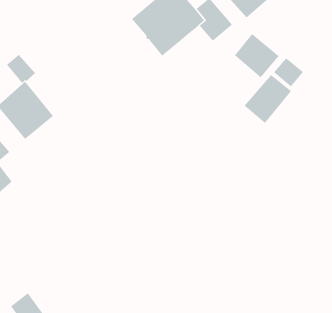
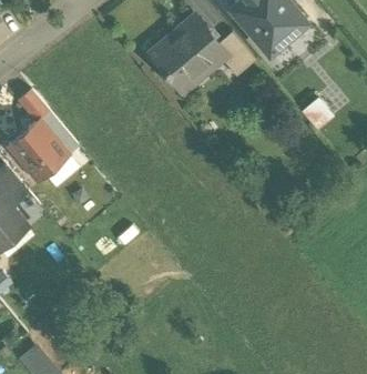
building: [234,33,279,78] -> none
building: [244,74,292,124] -> none

